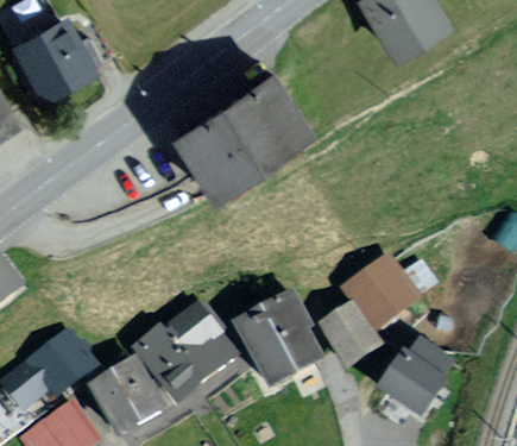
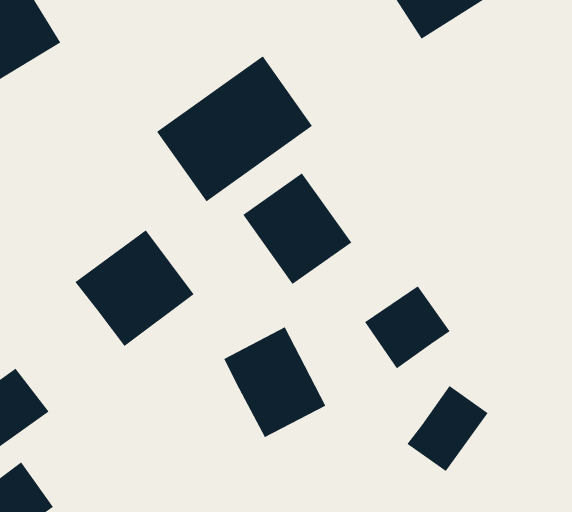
building: none -> [243,173,352,285]
building: [326,304,374,363] -> none
building: [137,307,234,402] -> [75,230,195,347]
building: [93,366,159,435] -> none

